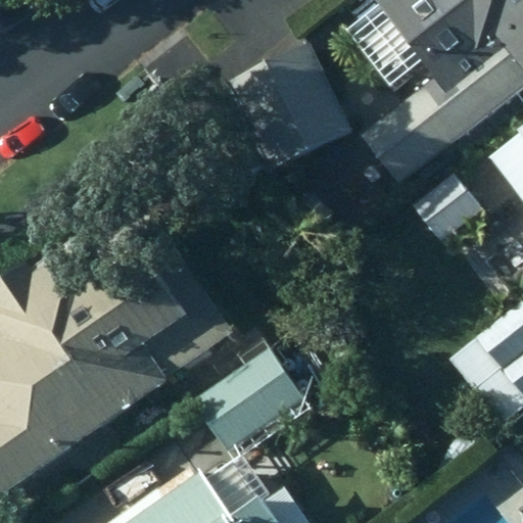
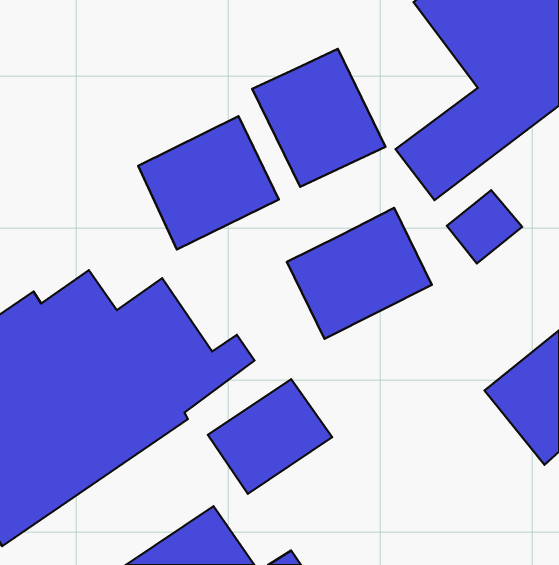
building: none -> [138,116,279,249]
building: none -> [287,208,432,339]

